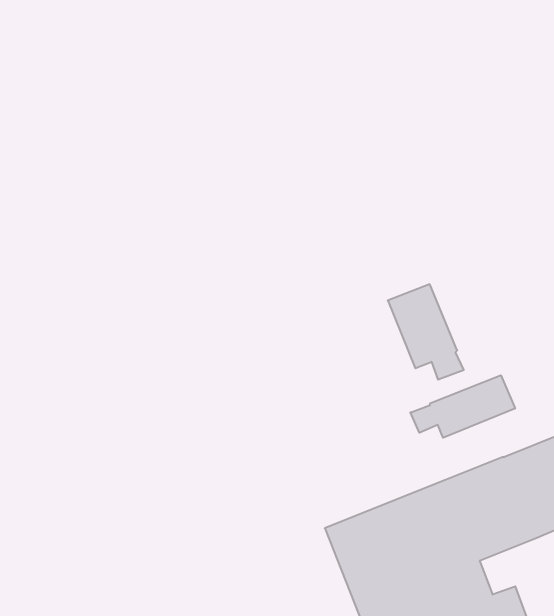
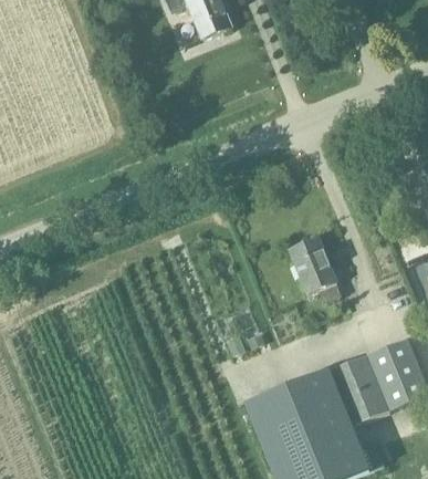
building: [410,375,515,438] -> none

